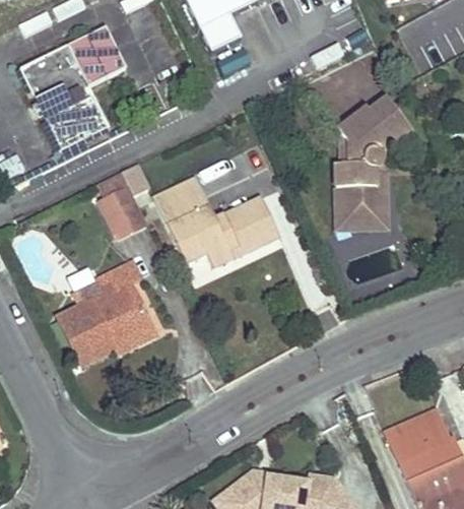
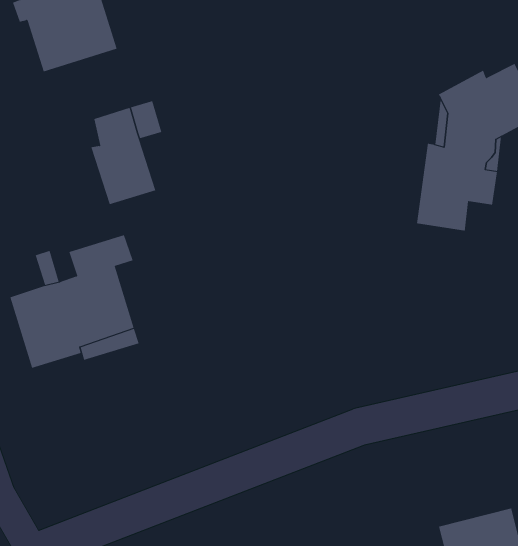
building: [155,177,280,267] -> none
building: [335,197,387,230] -> none

